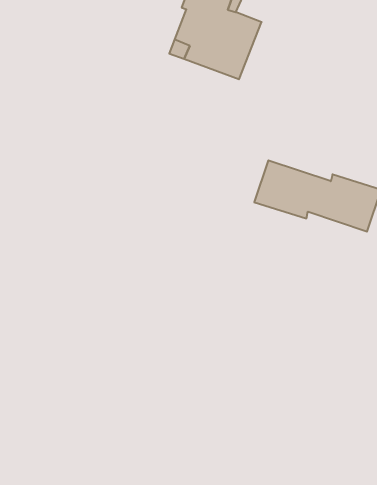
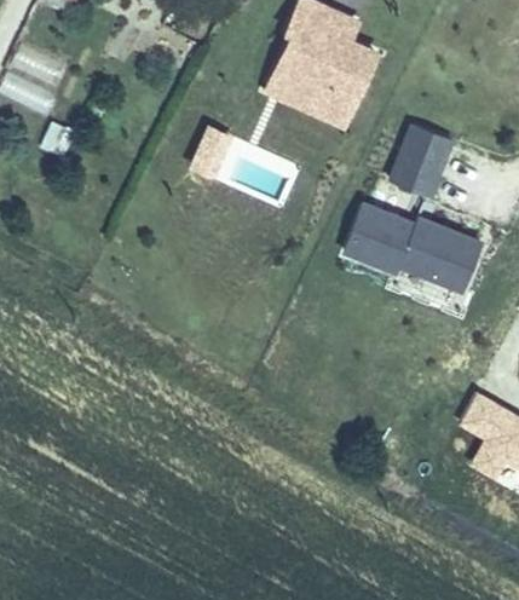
building: none -> [396,128,454,197]

